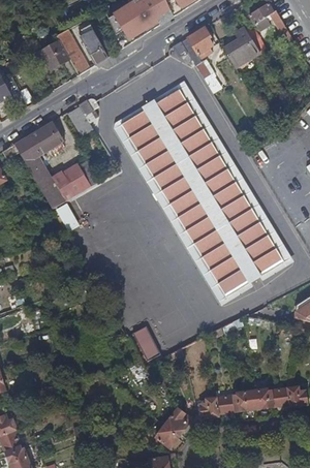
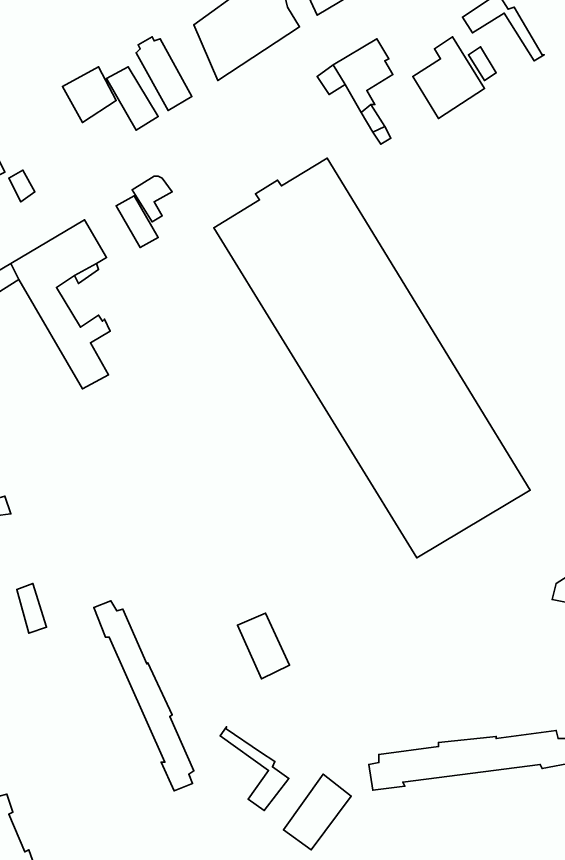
building: [56,164,91,200] -> none
building: none -> [94,601,194,791]
building: none -> [220,727,289,811]

